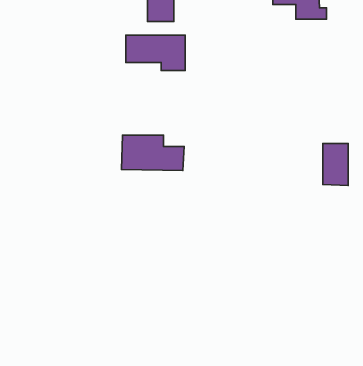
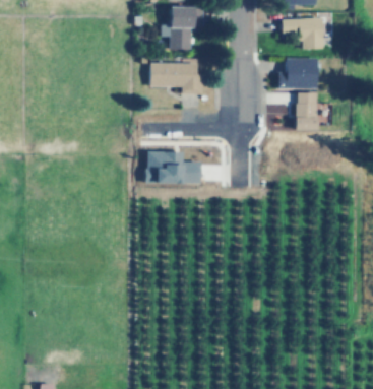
building: none -> [279,58,318,87]
building: [323,143,348,186] -> [295,92,317,130]

